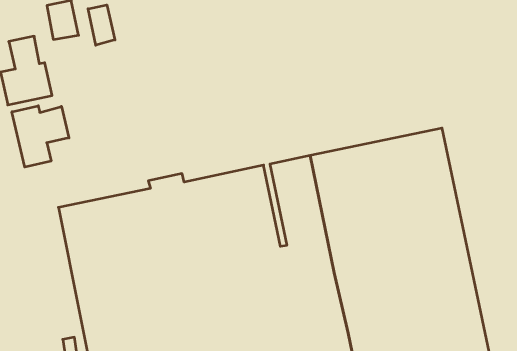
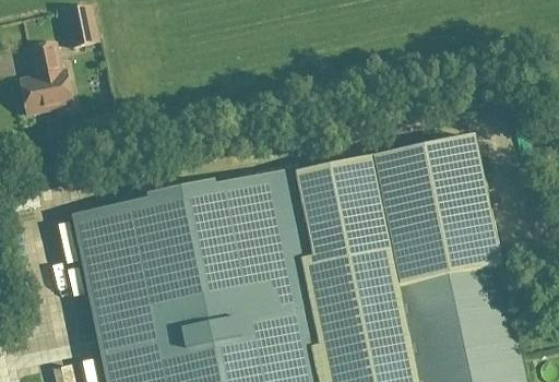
building: [88,5,115,45] -> none
building: [12,106,69,167] -> none

